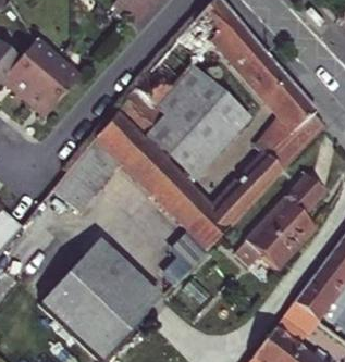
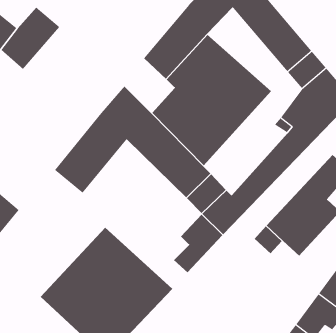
building: [25,58,79,115] -> none
building: [118,86,163,136] -> none

